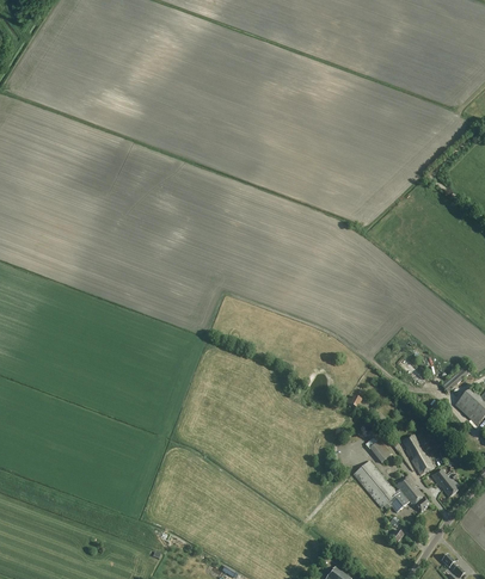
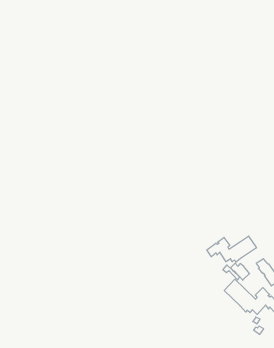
building: none -> [207,236,256,262]

